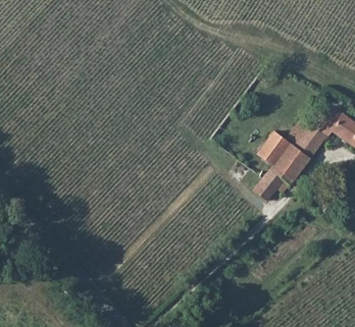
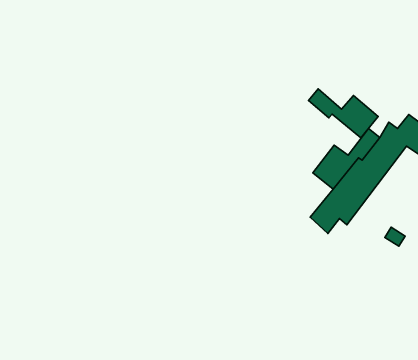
building: none -> [308,89,378,138]

